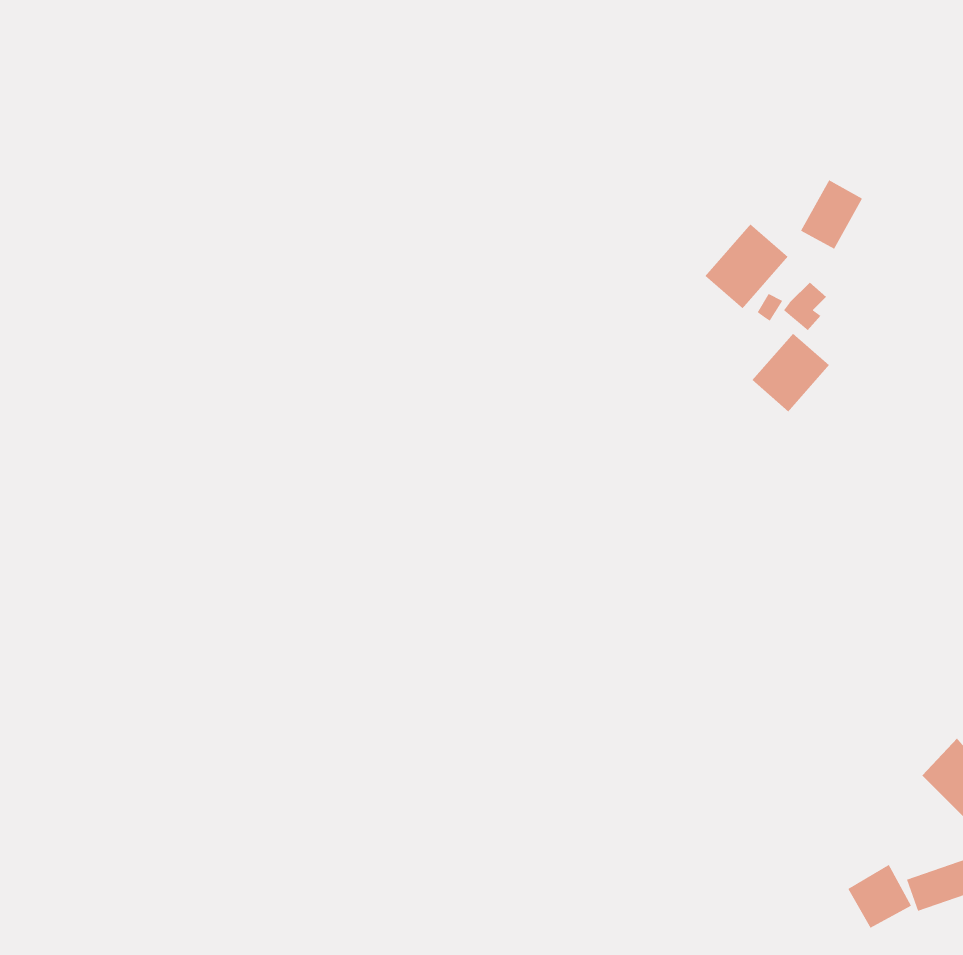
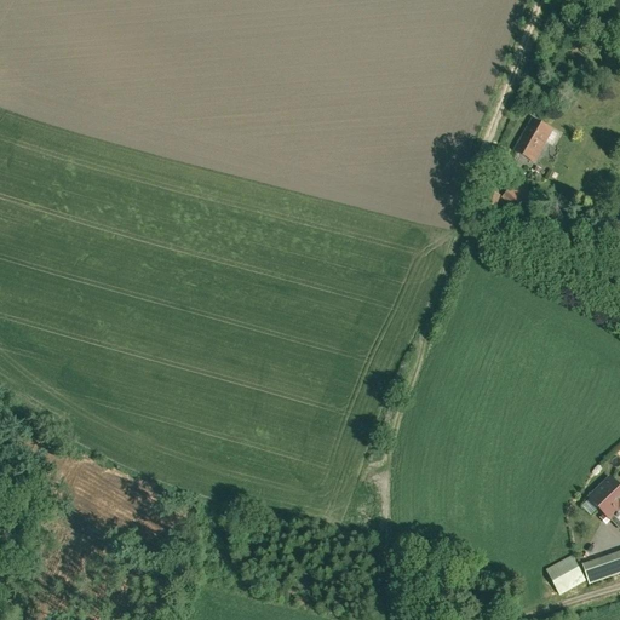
building: [705,223,788,309] -> none
building: [752,333,830,412] -> none

